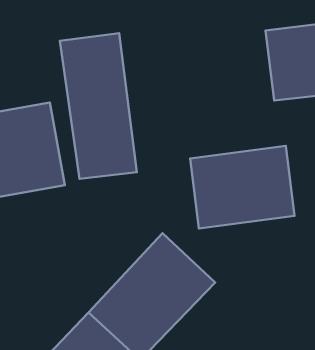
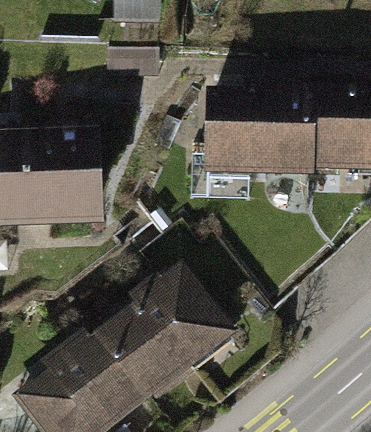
building: [60,33,137,179] -> none
building: [190,146,294,229] -> [214,100,309,170]

